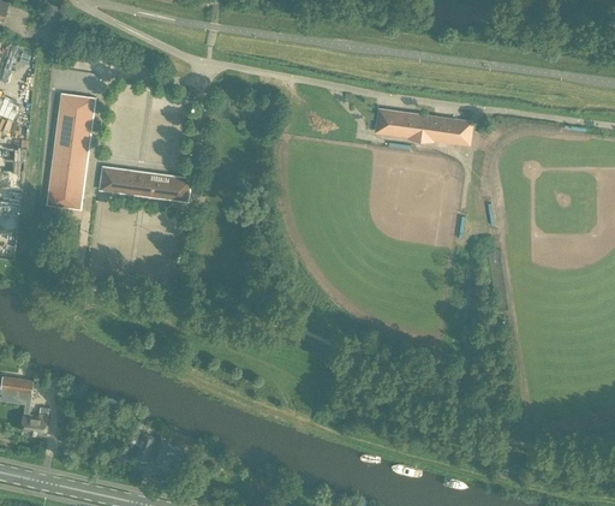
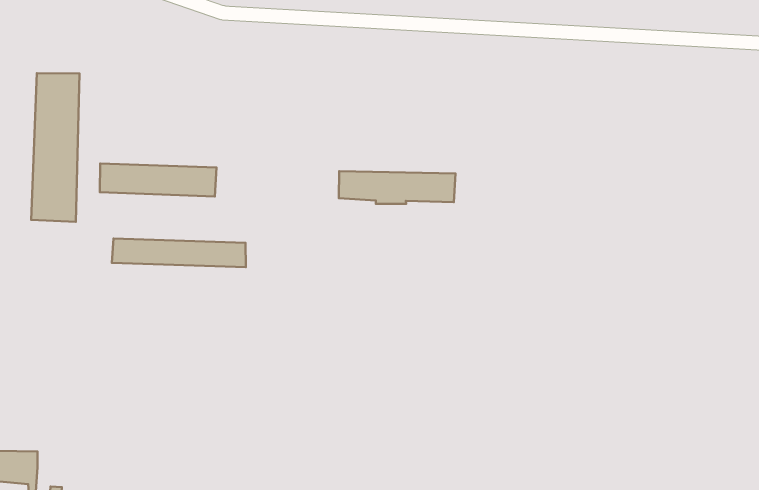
building: [380,111,470,143] -> [339,171,456,204]
building: none -> [112,238,246,267]

